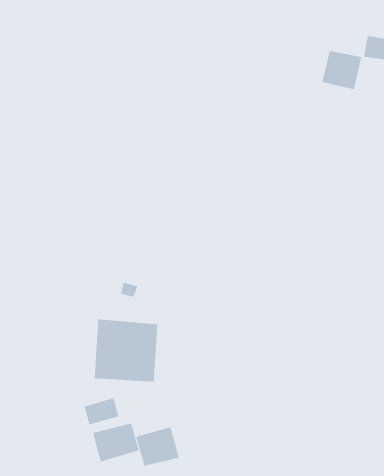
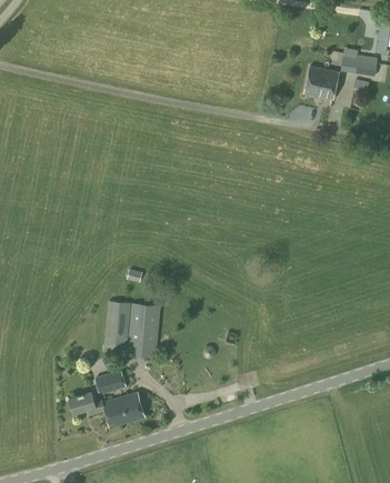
building: none -> [68,392,104,416]
building: [135,427,180,467] -> none

